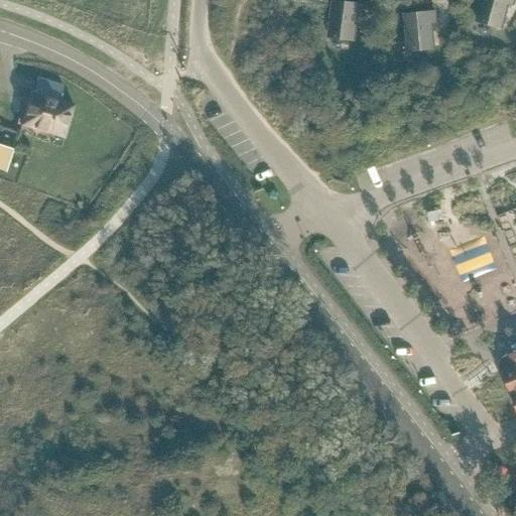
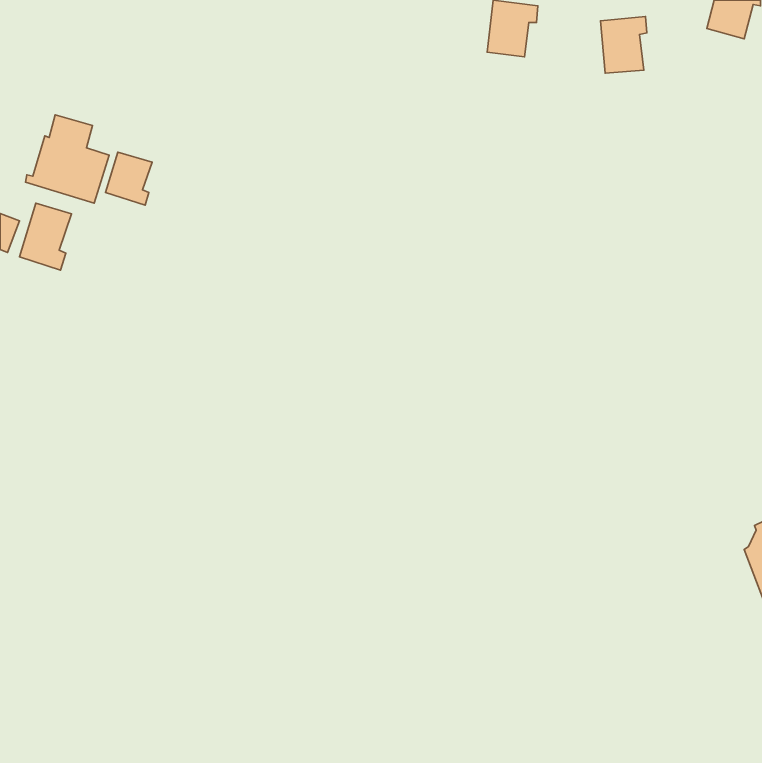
building: none -> [106,152,152,205]
building: none -> [20,203,72,270]

